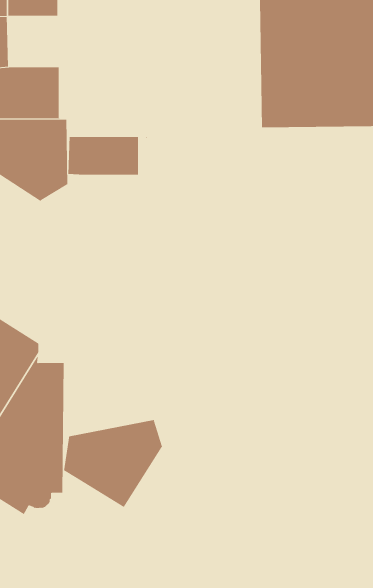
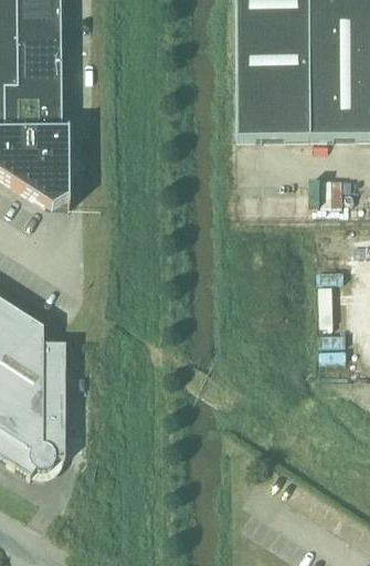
building: none -> [15,40,61,84]
building: [68,136,147,175] -> none
building: [64,419,174,508] -> none

